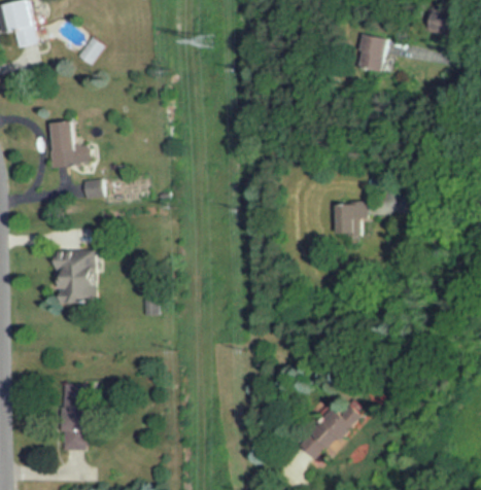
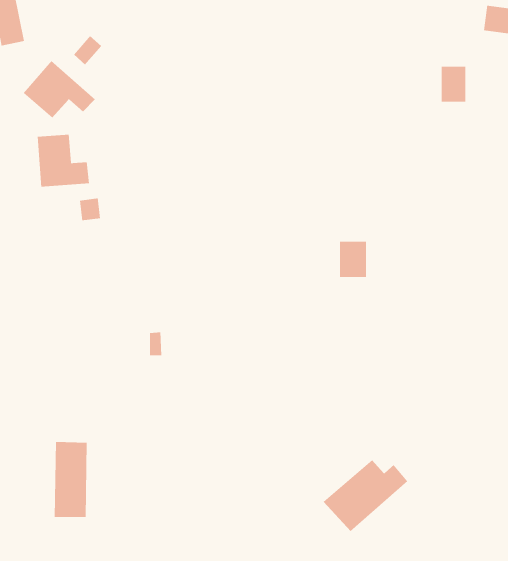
building: [360,38,382,69] -> [441,66,466,102]
building: none -> [23,60,96,119]
building: [337,204,360,235] -> [339,241,367,277]
building: [53,250,97,304] -> none

